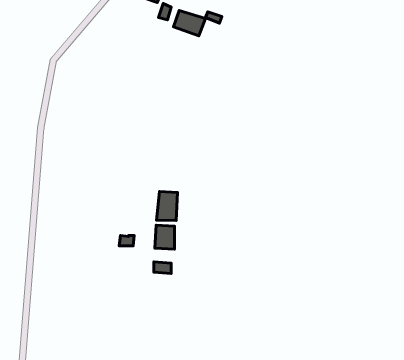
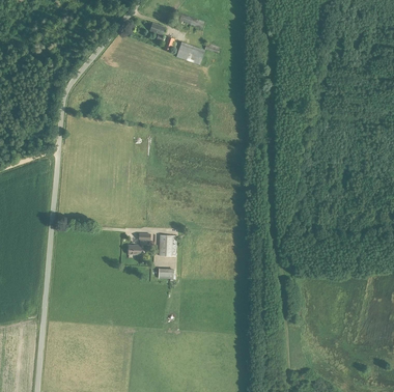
building: [157,192,178,220] -> none

